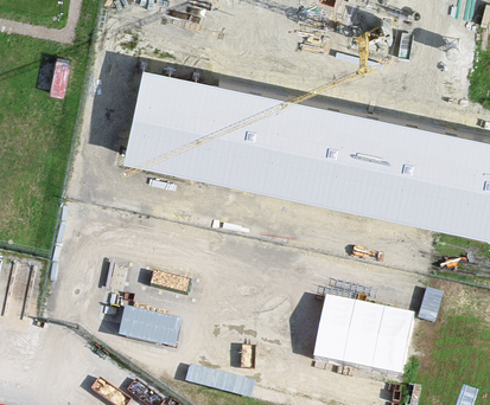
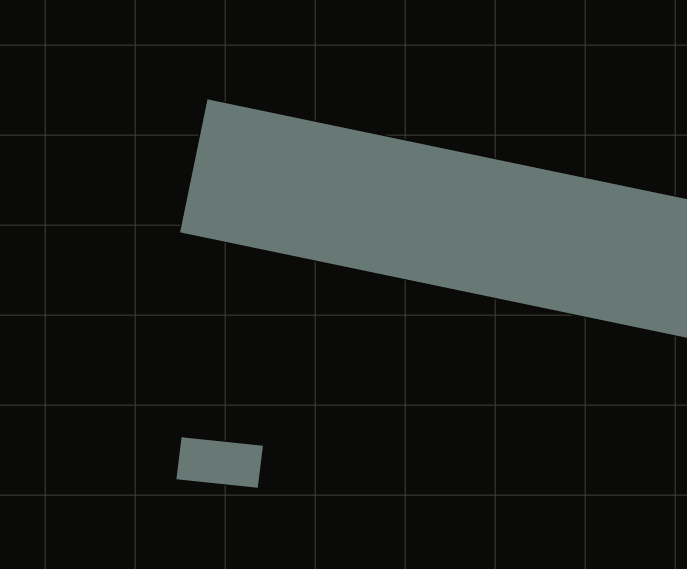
building: [314,291,416,374] -> none

